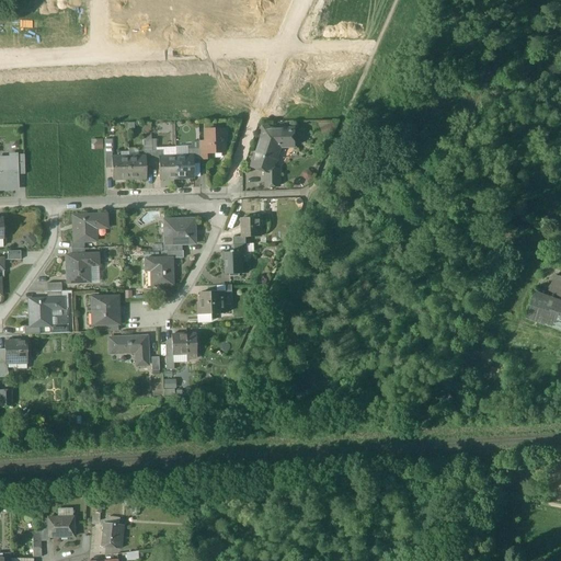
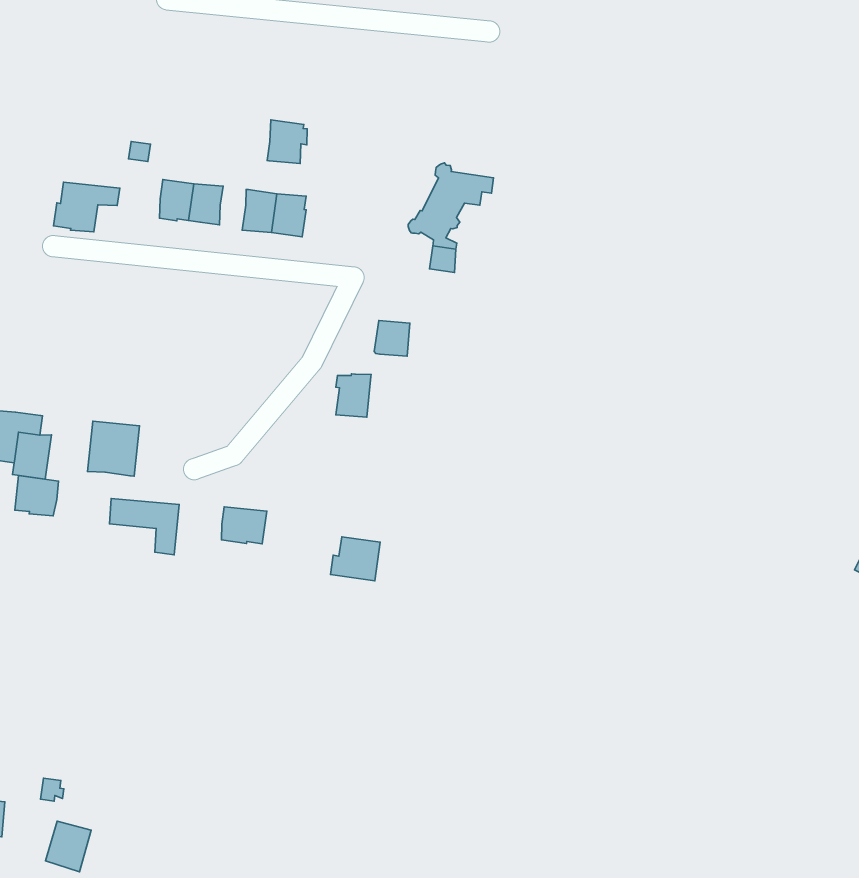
building: [205,128,227,151] -> [267,120,307,163]
building: [73,213,107,240] -> [53,182,120,232]
building: [164,217,195,243] -> none
building: [66,252,99,282] -> none
building: [145,255,173,284] -> none
building: [199,290,225,312] -> [330,537,380,581]
building: none -> [15,475,59,516]

